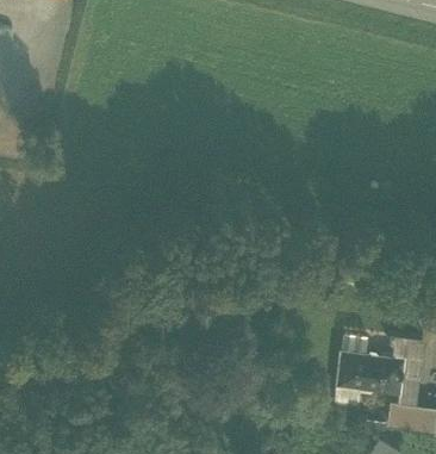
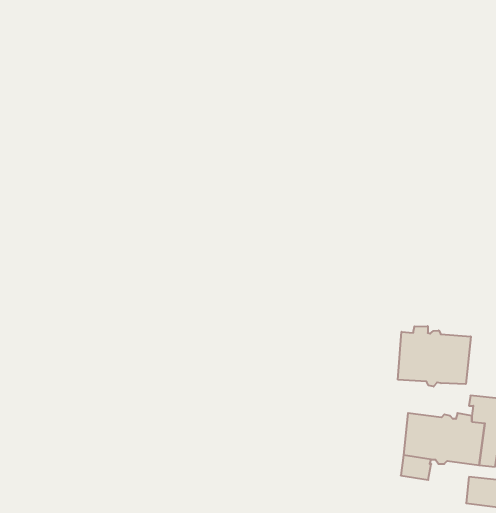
building: none -> [398,326,471,387]

